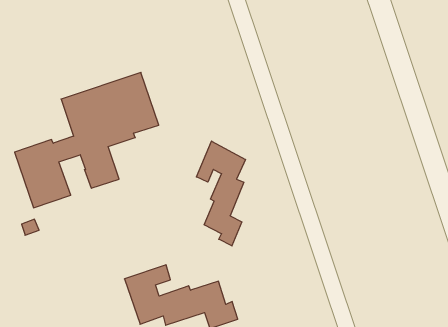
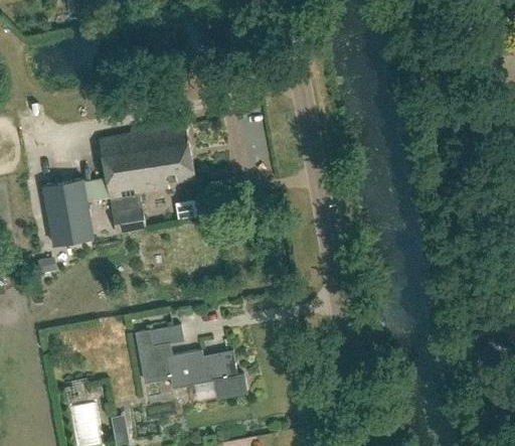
building: [196,141,245,246] -> none

